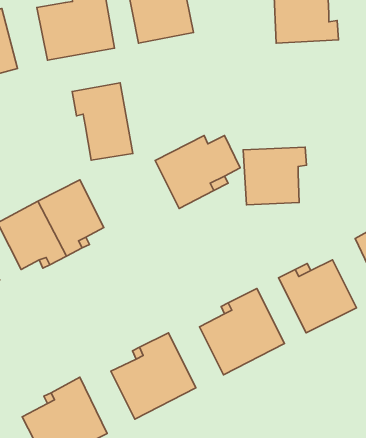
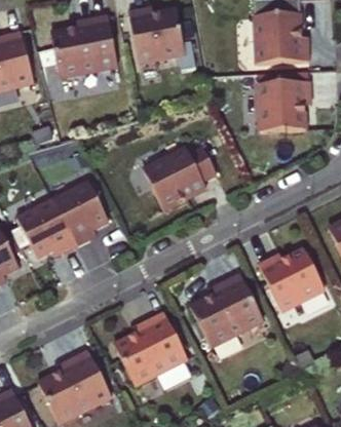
building: [72,83,133,160] -> none
building: [243,147,307,205] -> [257,81,311,130]

